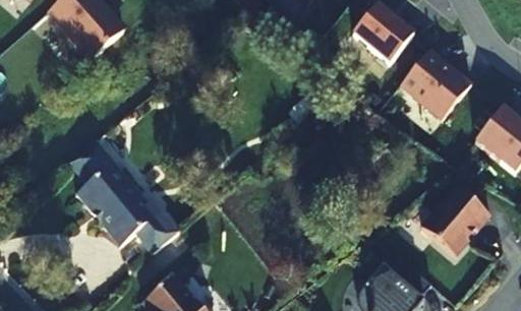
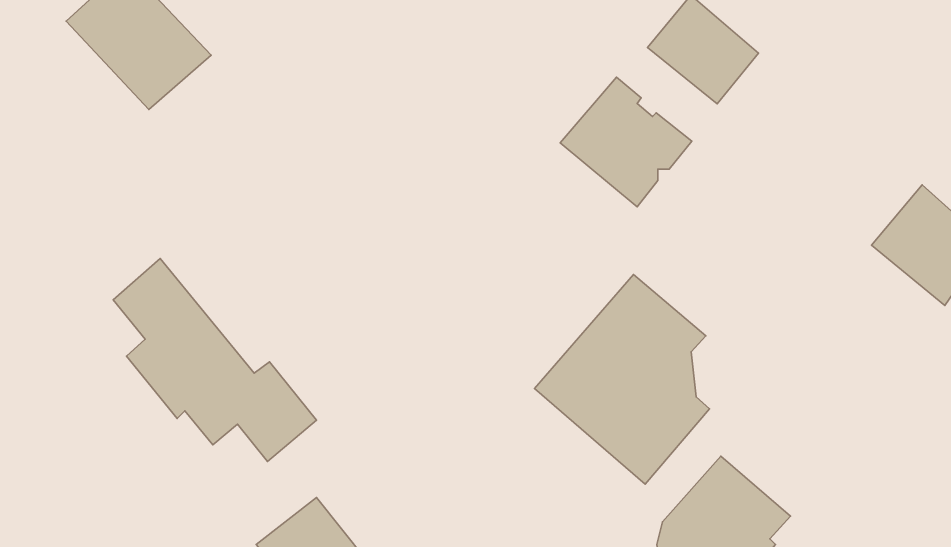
building: [402,49,473,119] -> [560,77,692,207]
building: none -> [534,274,710,484]
building: [423,187,493,256] -> none

